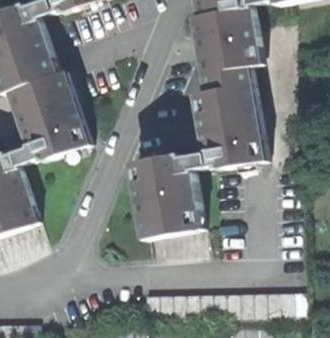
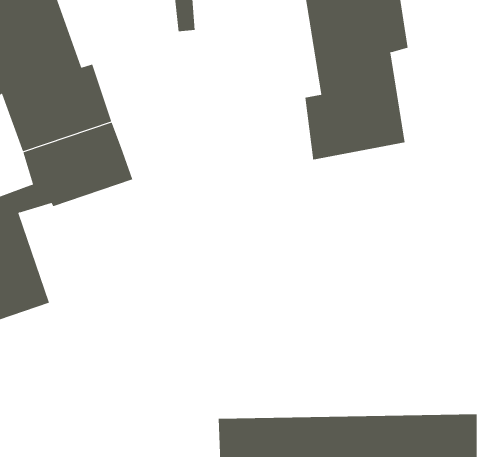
building: [133,120,266,236] -> none

